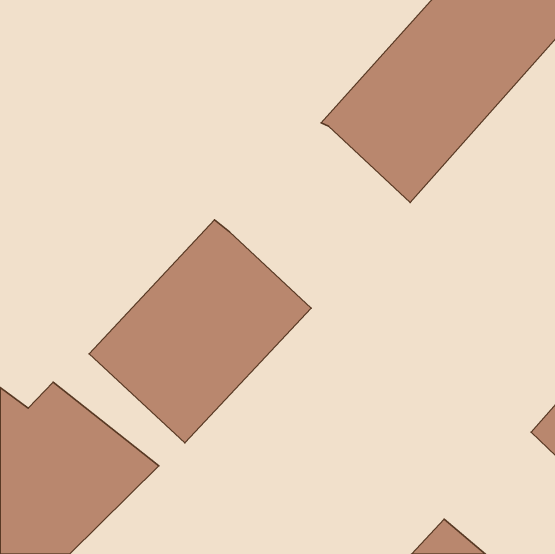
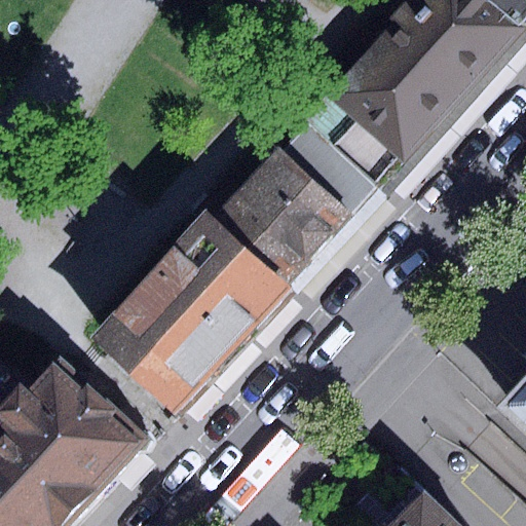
building: none -> [218,119,388,291]

